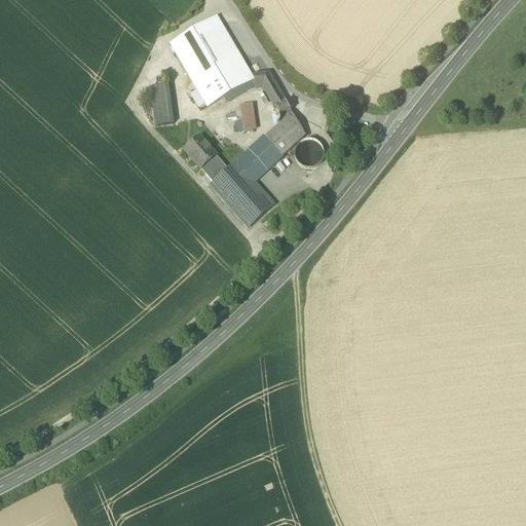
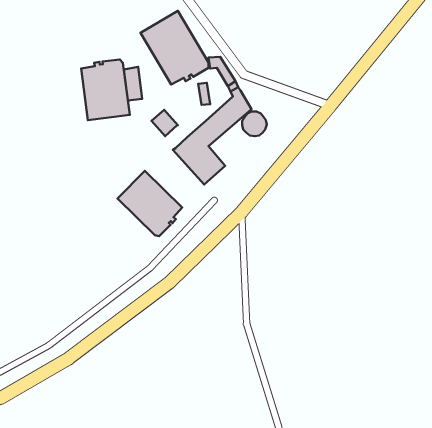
building: none -> [81,59,130,120]
building: [200,152,227,180] -> none
building: none -> [117,171,182,236]

